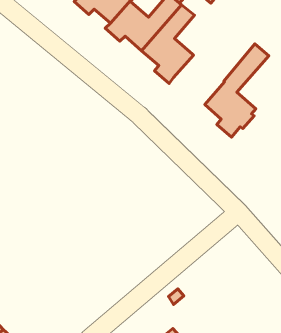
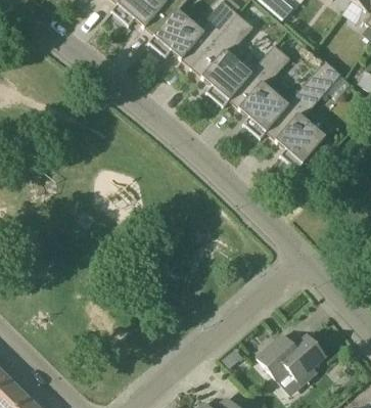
building: none -> [229,43,290,137]
building: none -> [258,332,326,383]

